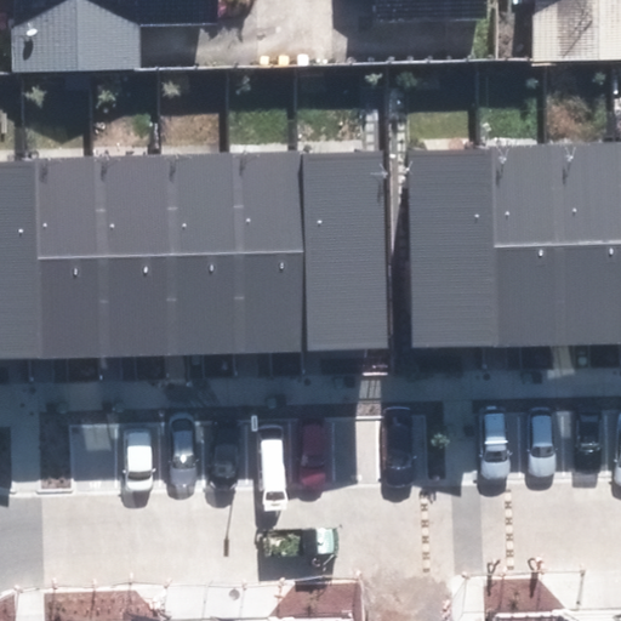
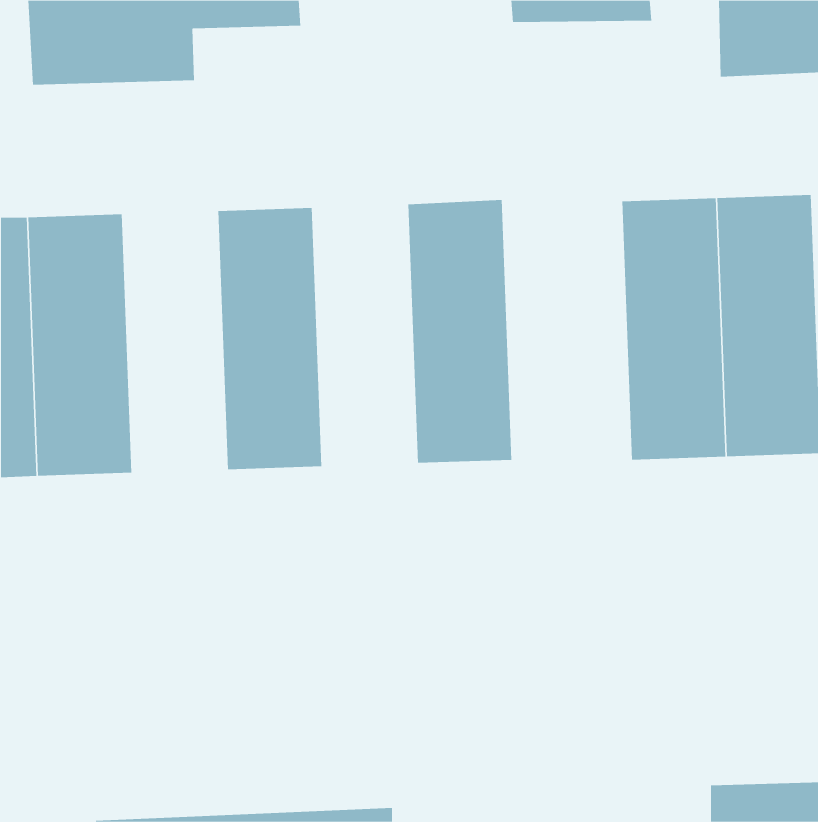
building: [400,152,479,349] -> none
building: [239,154,318,352] -> none
building: [96,159,175,357] -> none

